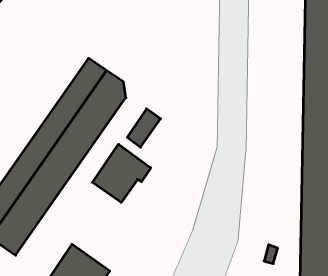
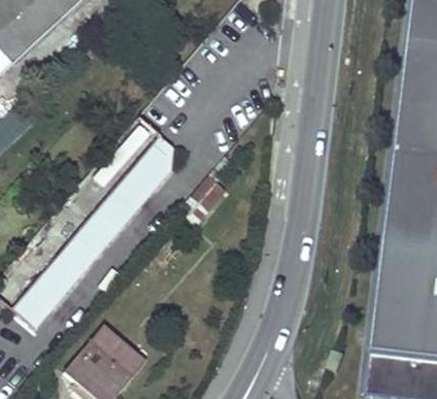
building: [92,144,151,202] -> none

